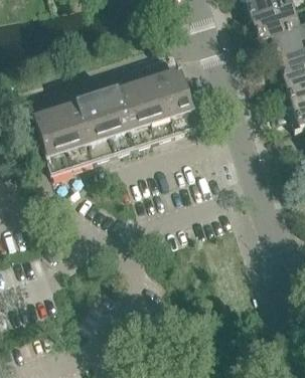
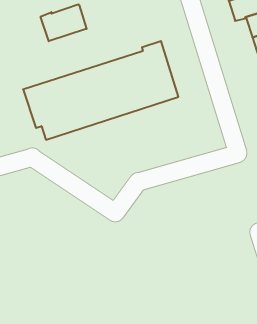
building: none -> [41,4,87,41]

